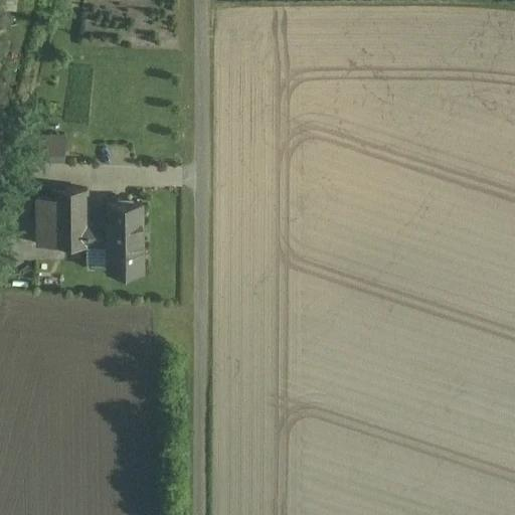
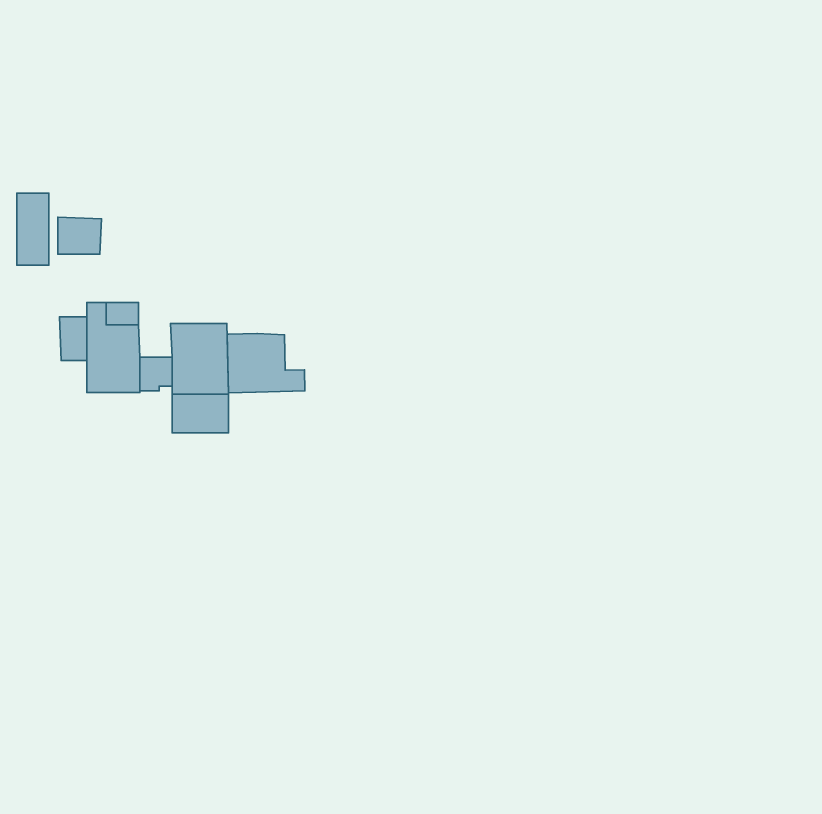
building: none -> [17,193,49,265]
building: none -> [227,334,305,393]

